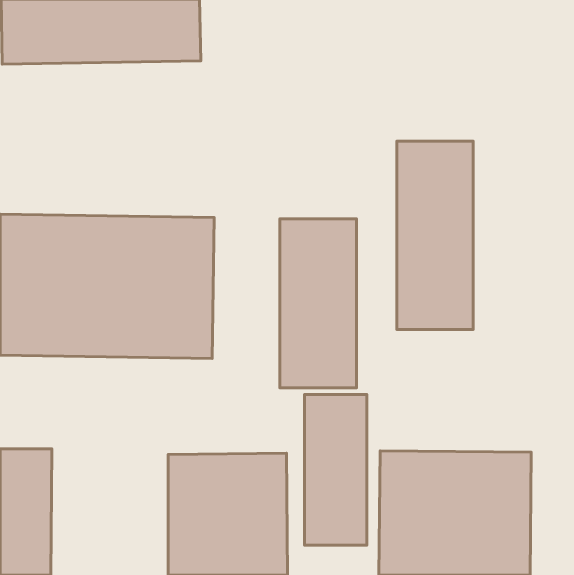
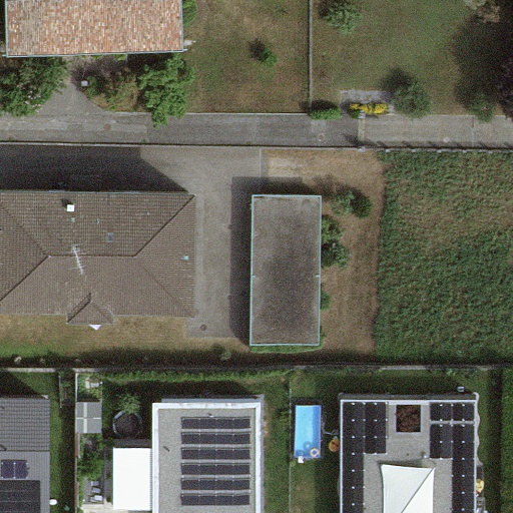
building: [397,141,473,330] -> none
building: [304,395,367,545] -> none

